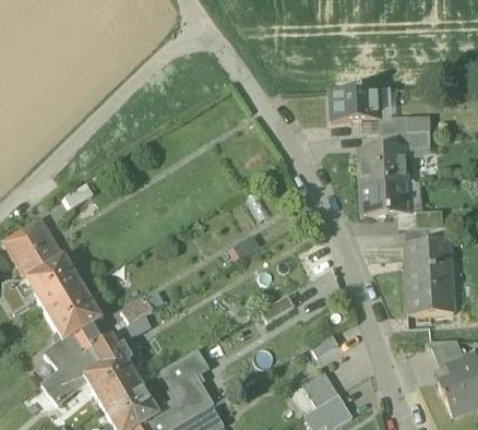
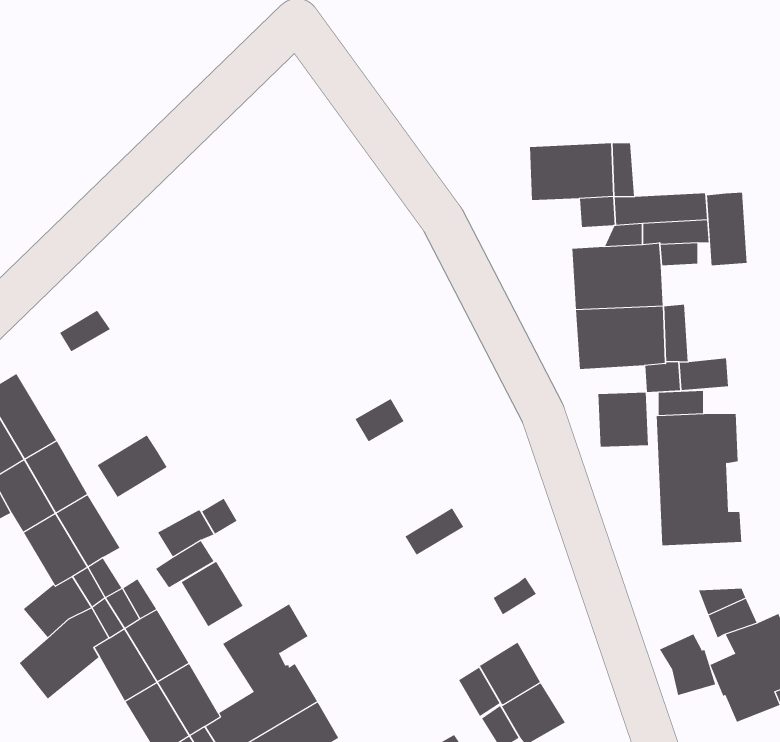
building: none -> [707,192,747,266]
building: none -> [598,392,649,448]
building: none -> [97,435,167,498]
building: none -> [181,561,244,627]
building: none -> [659,634,716,696]

